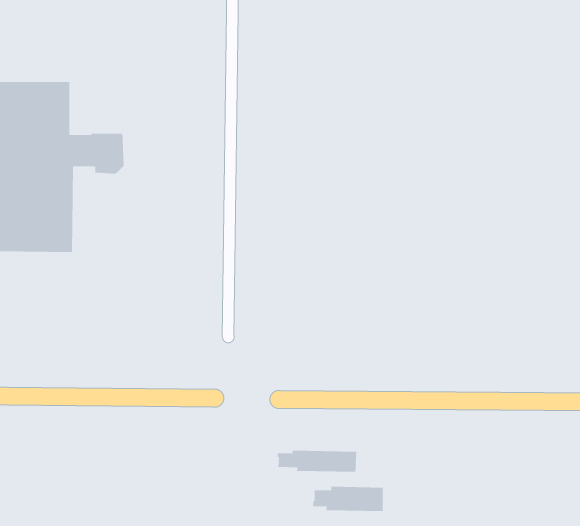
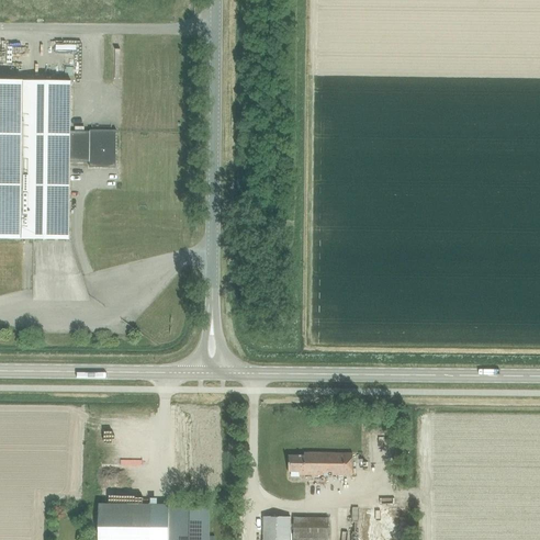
building: [277,450,357,473] -> none

